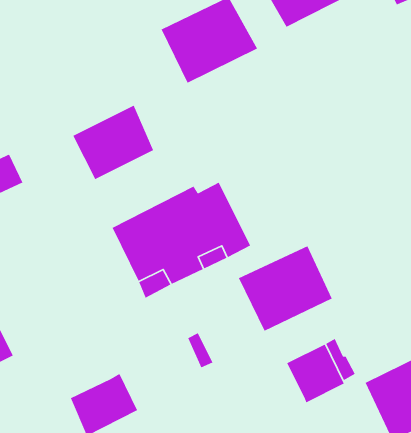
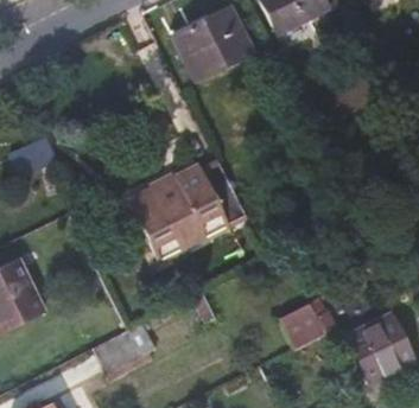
building: [72,104,154,180] -> none
building: [238,245,333,332] -> none

